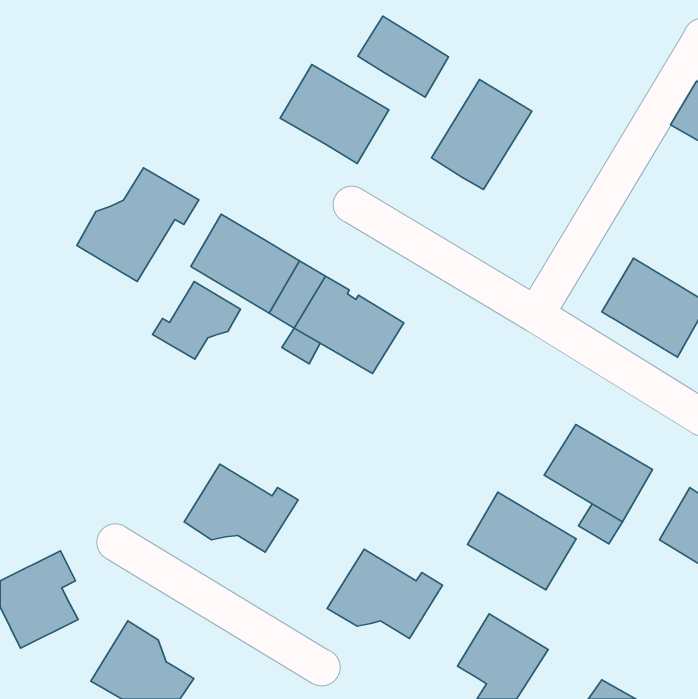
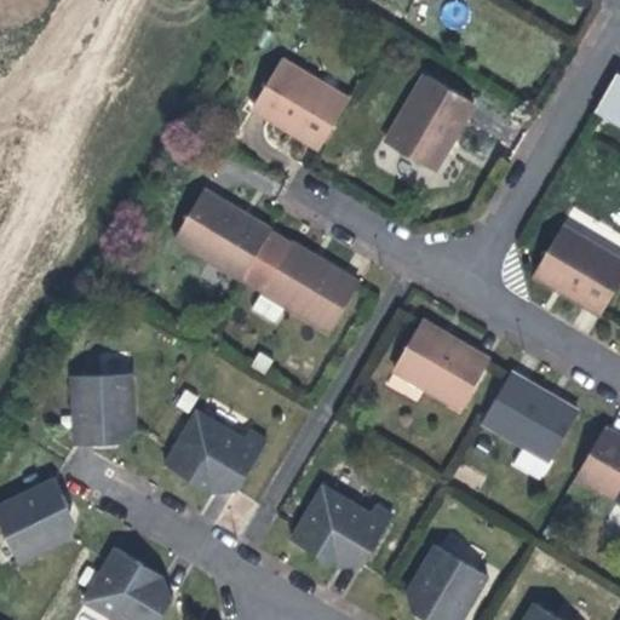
building: [358,16,449,97] -> none
building: [77,168,199,281] -> none
building: [153,282,240,359] -> none
building: none -> [67,375,138,458]
building: [468,492,576,590] -> [392,320,488,406]

